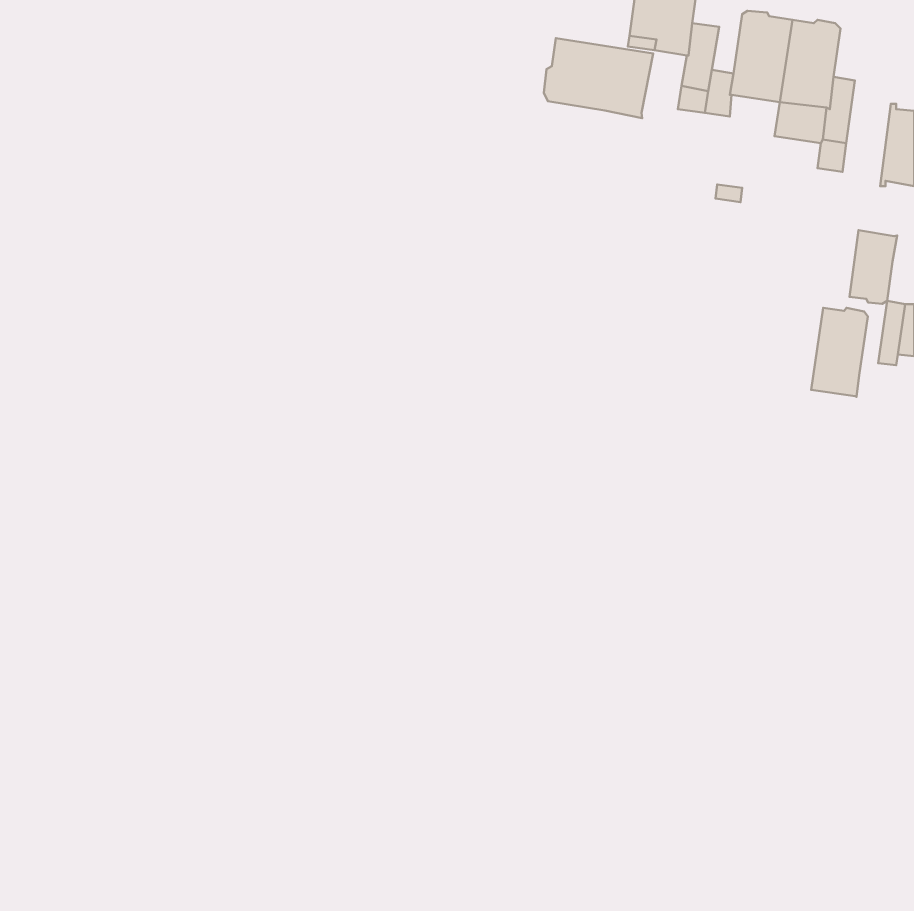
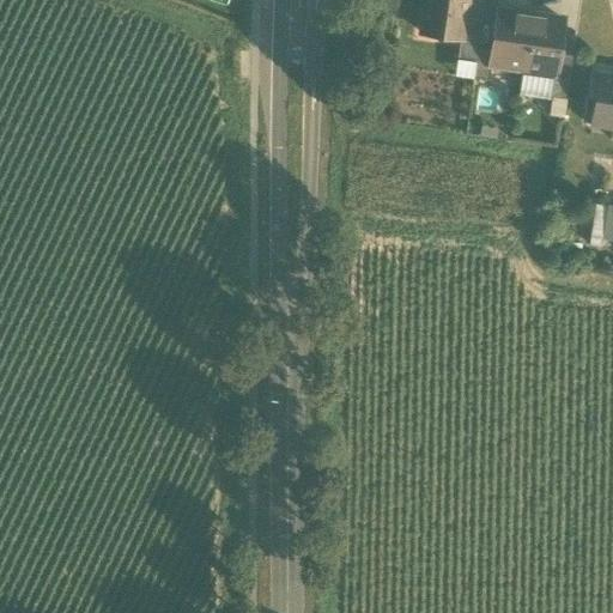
building: [544,38,653,118] -> none
building: [850,230,897,304] -> none
building: [811,308,868,397] -> none

